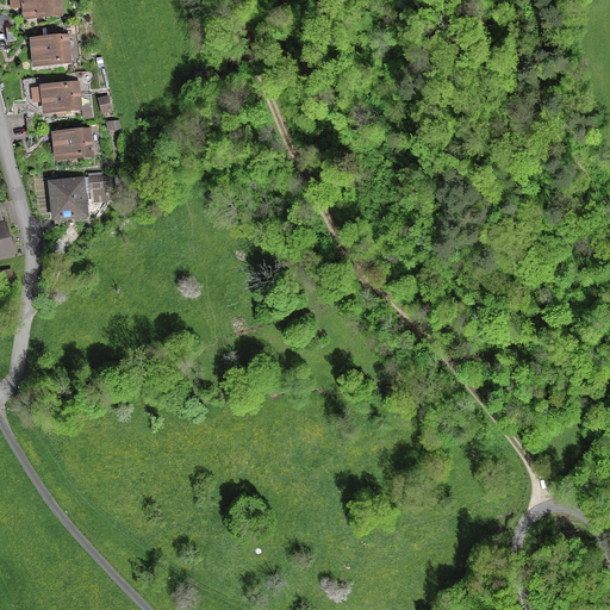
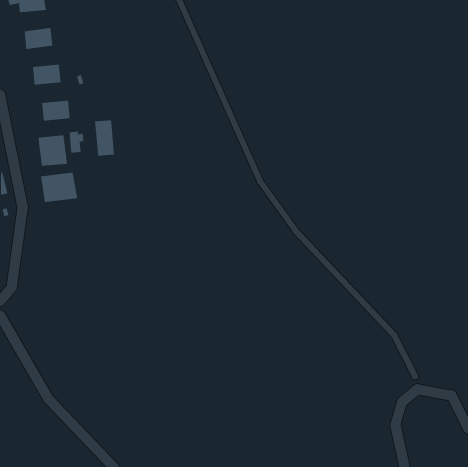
building: none -> [95,119,115,157]
building: none -> [41,172,78,203]

